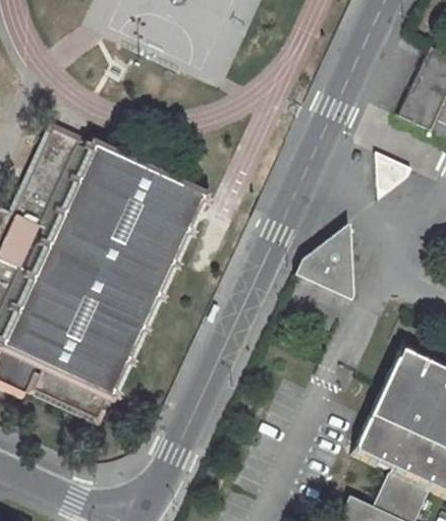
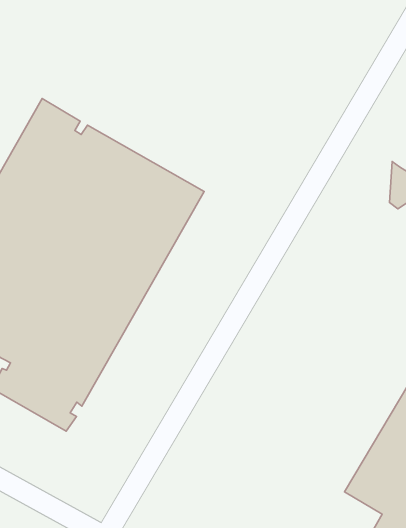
building: [293,222,350,299] -> none

